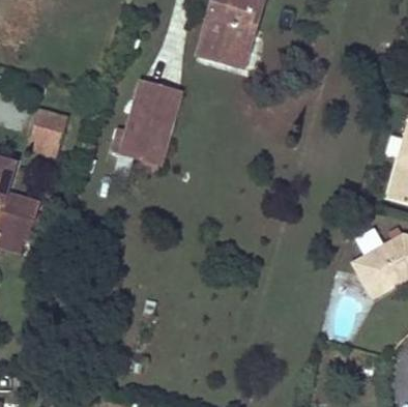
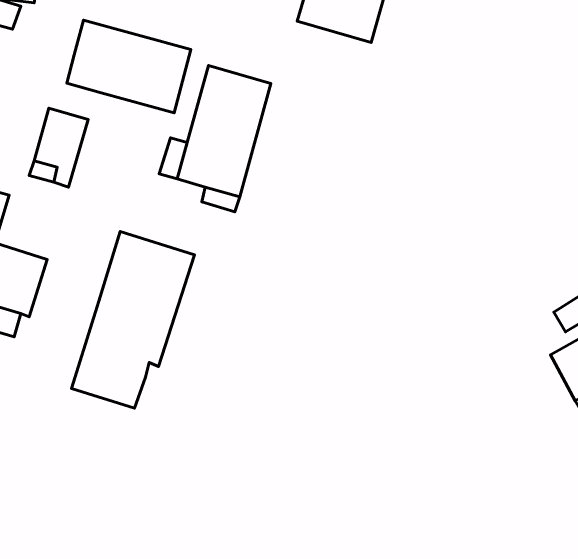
building: none -> [67,20,191,113]
building: none -> [72,231,195,408]

